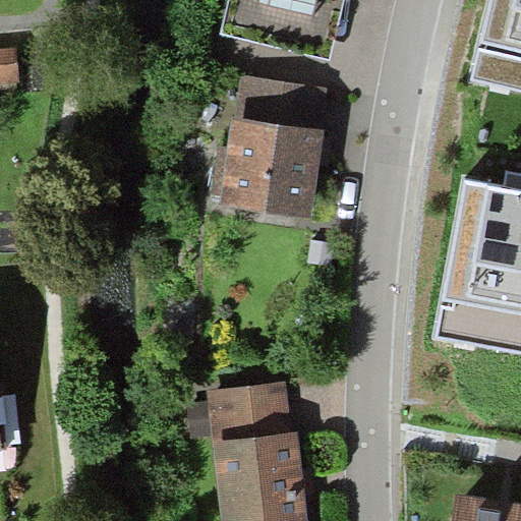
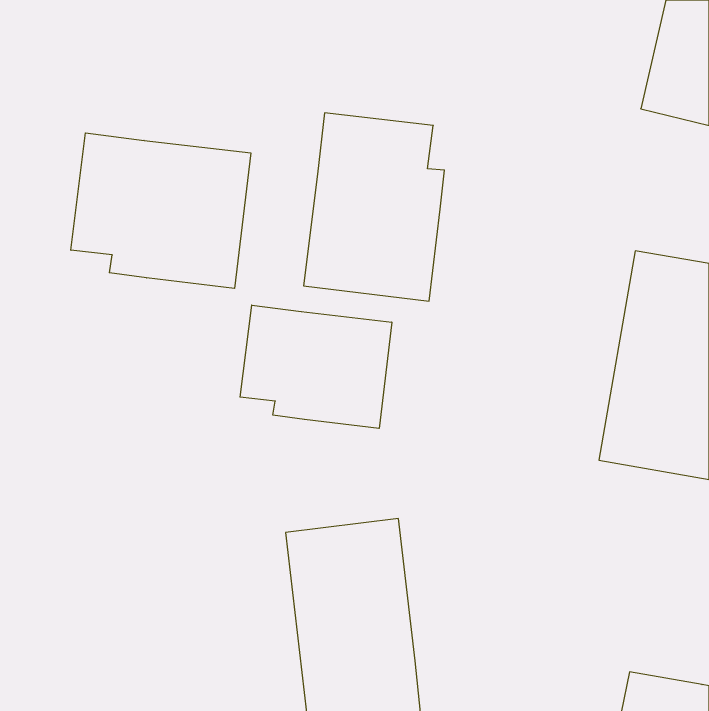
building: none -> [71,133,251,288]
building: none -> [240,305,392,428]

